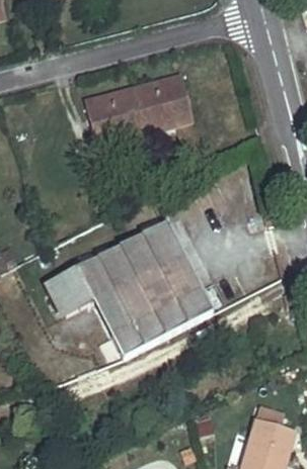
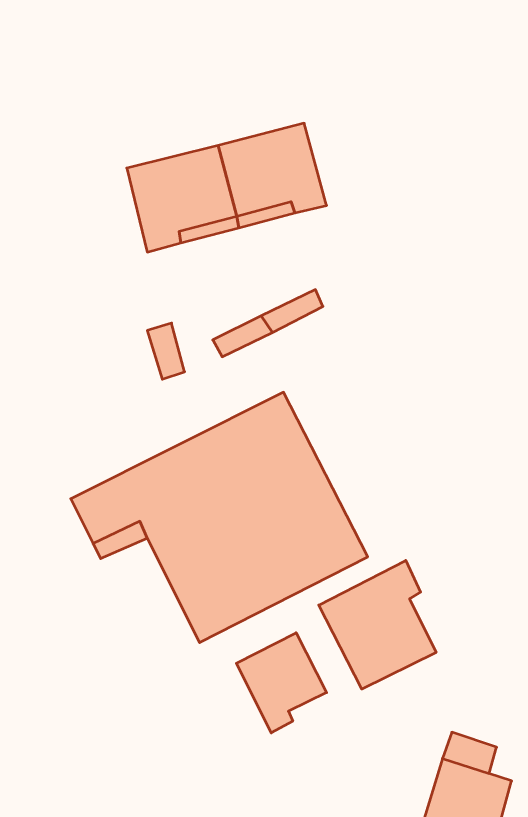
building: none -> [319,560,436,689]
building: none -> [236,633,327,733]

